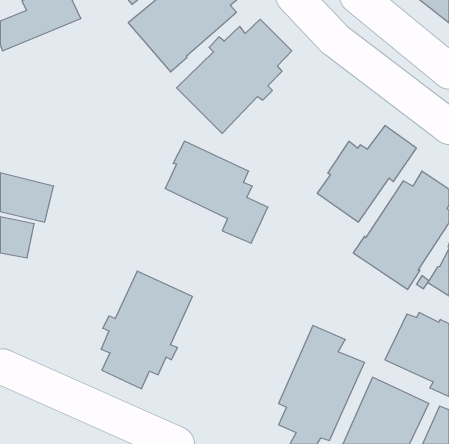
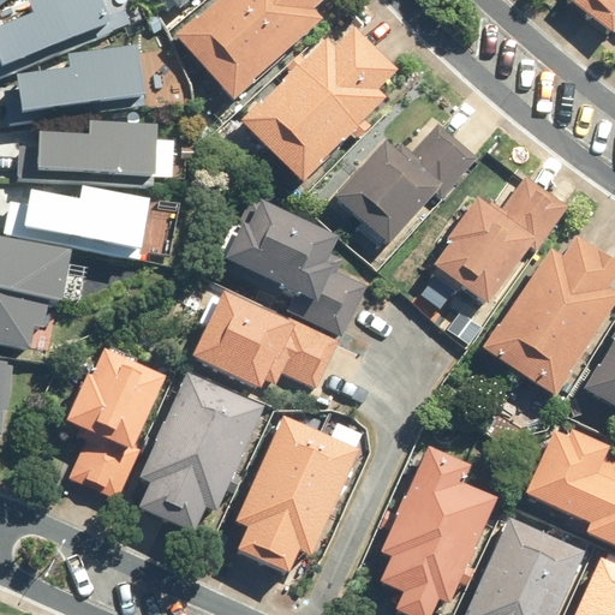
building: none -> [19,49,144,114]
building: none -> [334,117,480,244]
building: none -> [41,121,160,180]
building: none -> [24,189,150,252]
building: none -> [192,289,340,389]
building: none -> [66,348,166,495]
building: none -> [235,414,359,572]

